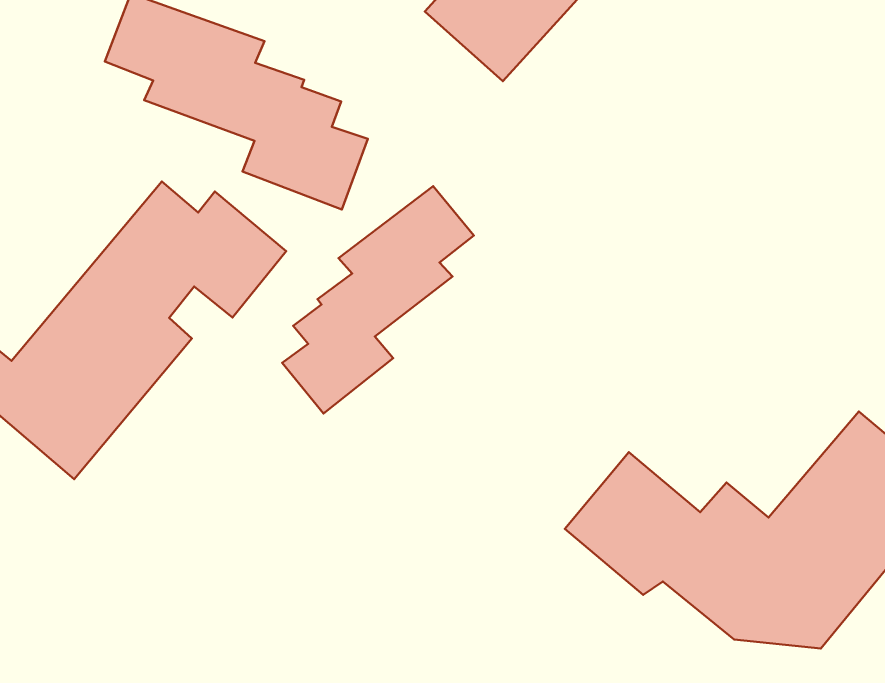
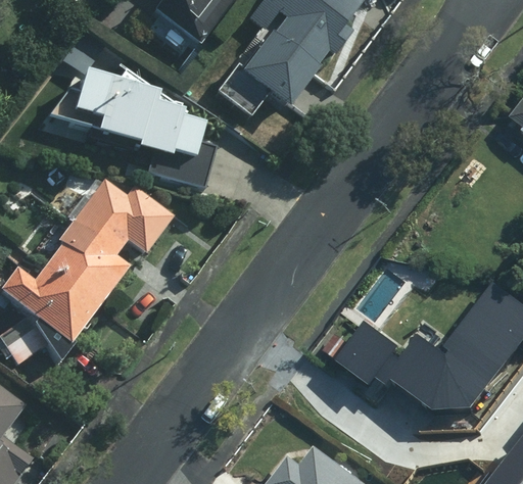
building: [282,186,474,413] -> none

